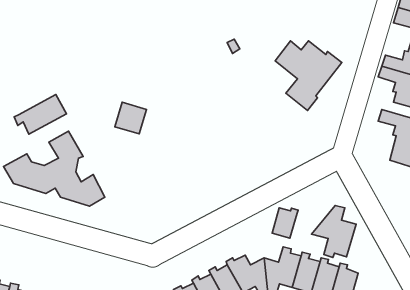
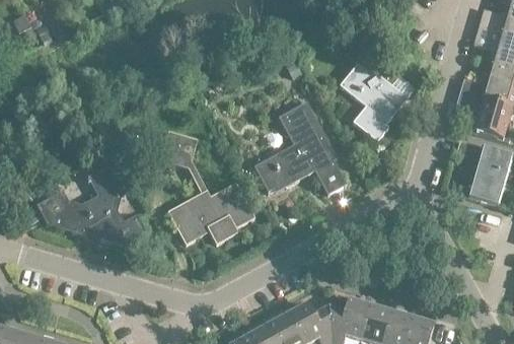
building: none -> [255,101,346,194]
building: [14,94,66,134] -> none
building: none -> [167,183,253,244]
building: [311,205,356,257] -> none
building: [272,208,298,238] -> none

